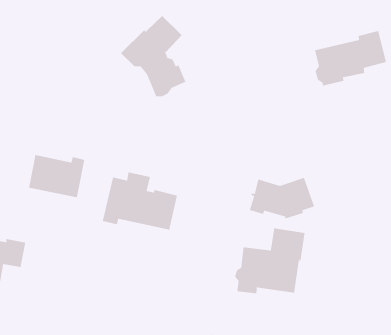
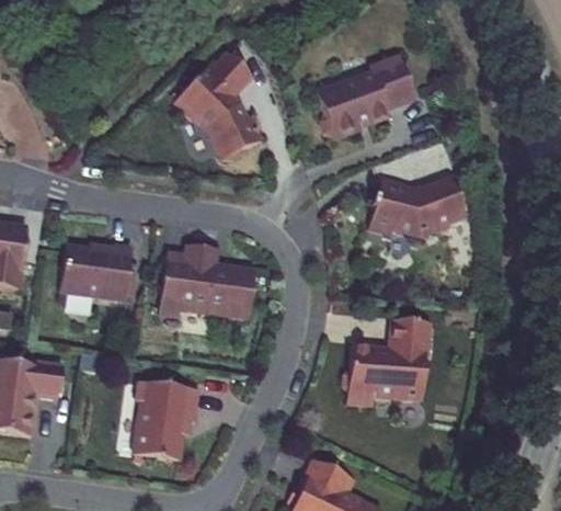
building: [314,30,387,86] -> [313,55,410,134]
building: [249,177,315,220] -> [376,180,462,238]
building: none -> [135,376,199,455]

